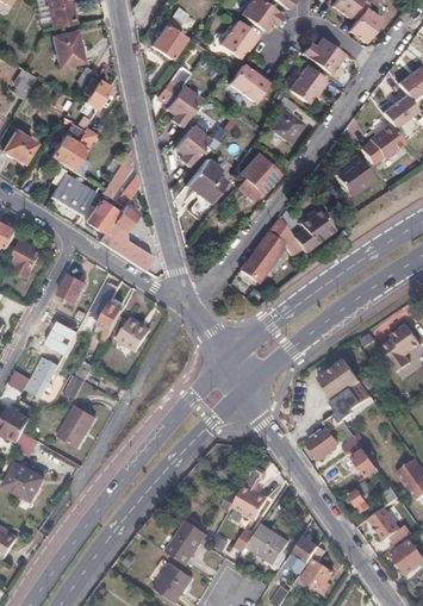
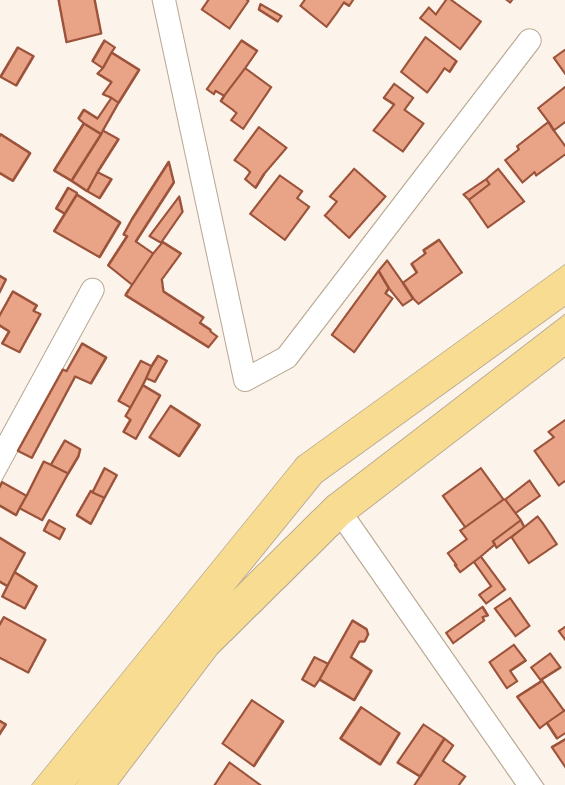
building: [229,64,269,101] -> none
building: [56,405,95,449] -> none
building: [307,427,338,460] -> [512,516,557,563]

